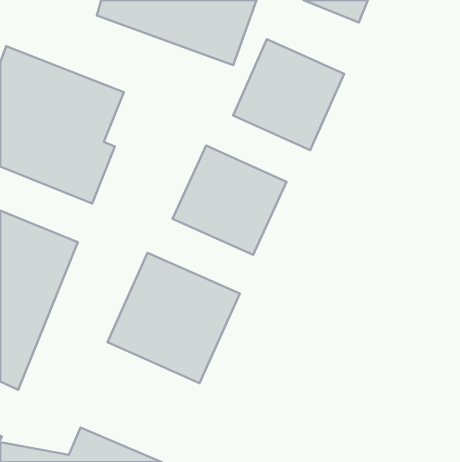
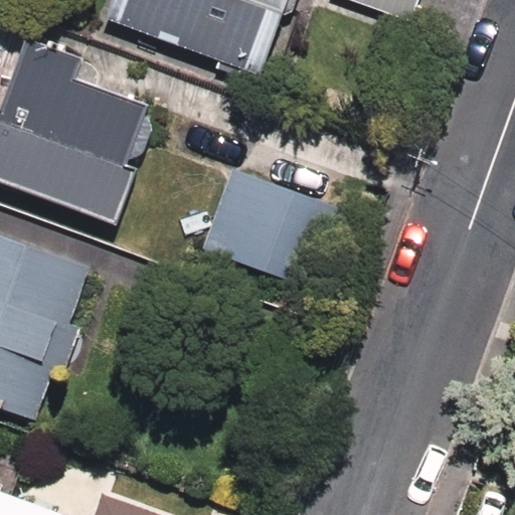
building: [233,39,344,150] -> none
building: [107,253,240,383] -> none

